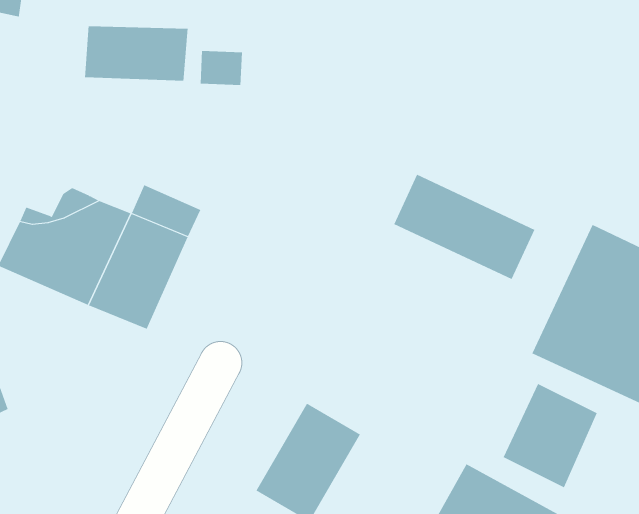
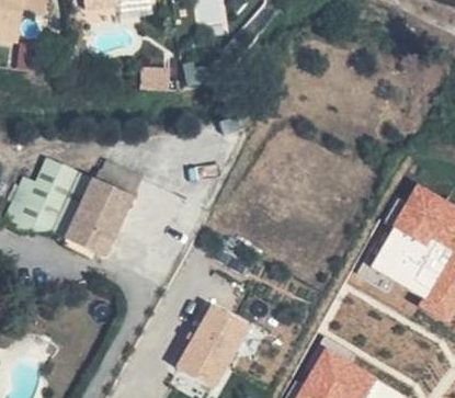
building: [84,26,188,82] -> none
building: [393,174,535,280] -> none
building: [503,383,598,488] -> none

